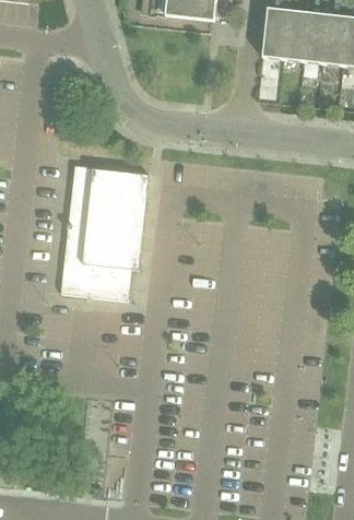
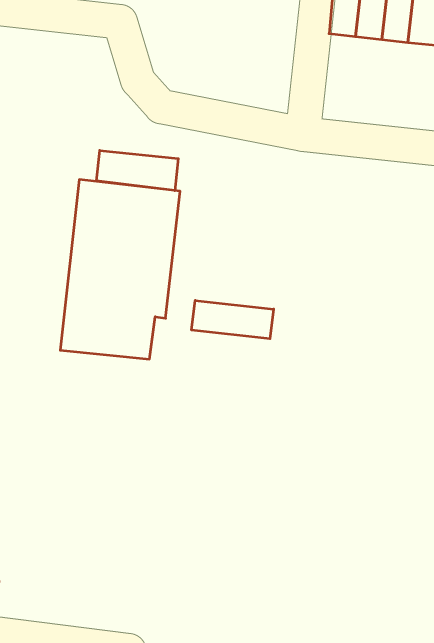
building: none -> [97,150,178,191]
building: none -> [192,300,274,339]

